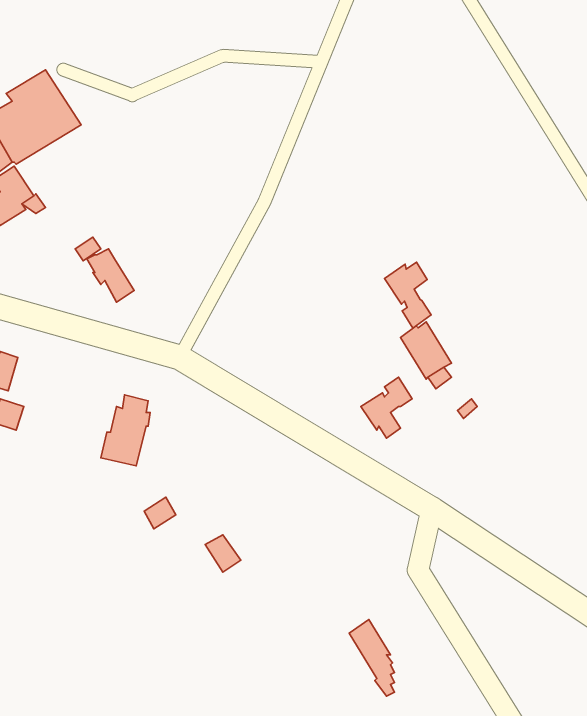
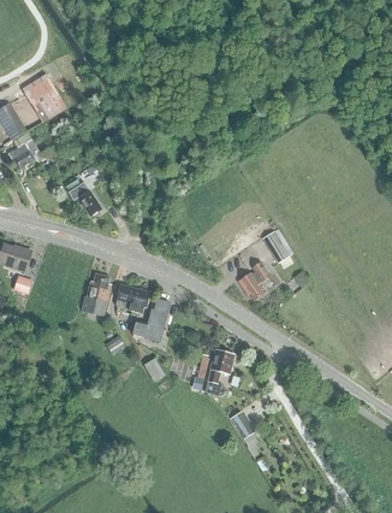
building: [384,262,431,328] -> none
building: none -> [113,284,148,313]
building: none -> [130,299,170,341]
building: none -> [204,349,233,396]

